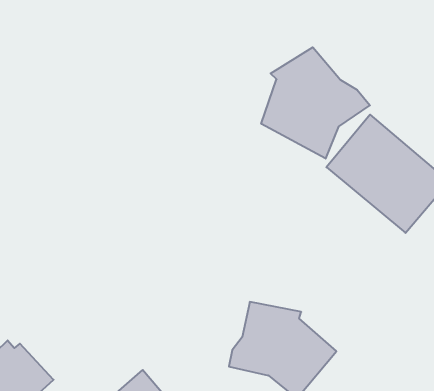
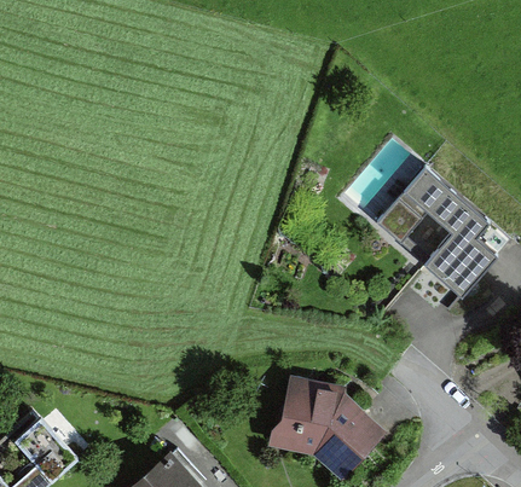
building: [261,47,370,159] -> none

